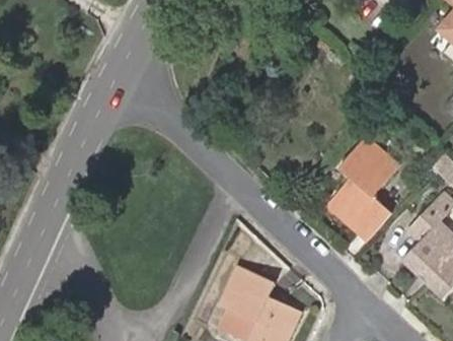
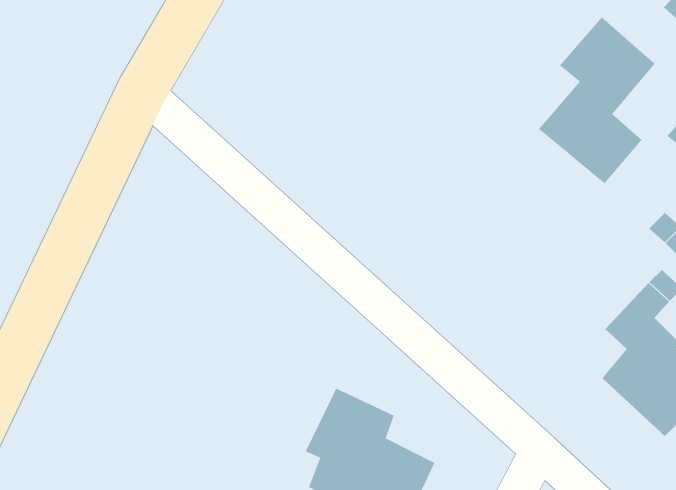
building: [326,136,399,241] -> [538,17,655,184]

